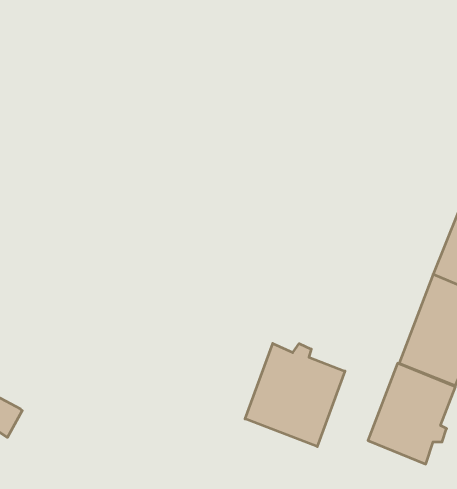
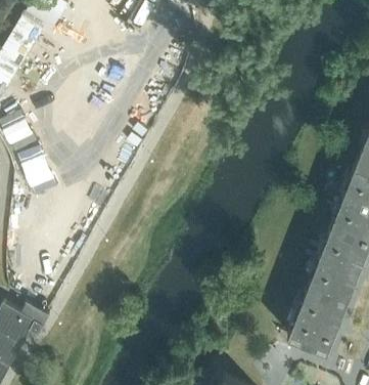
building: [245,343,345,447] -> none

